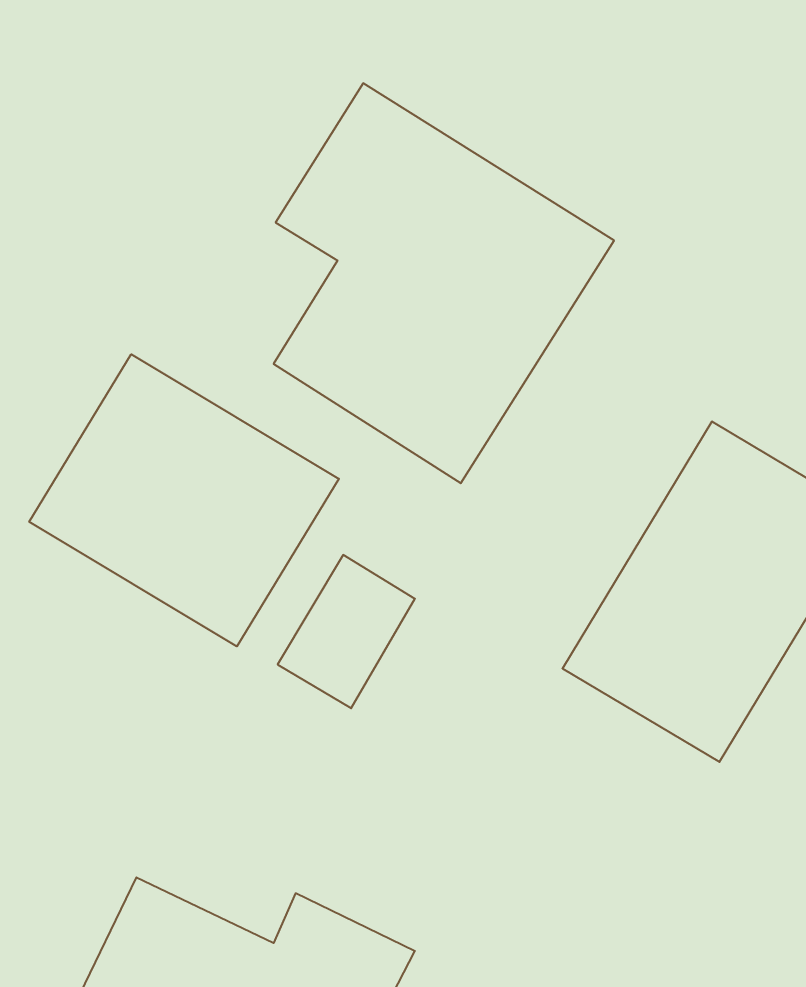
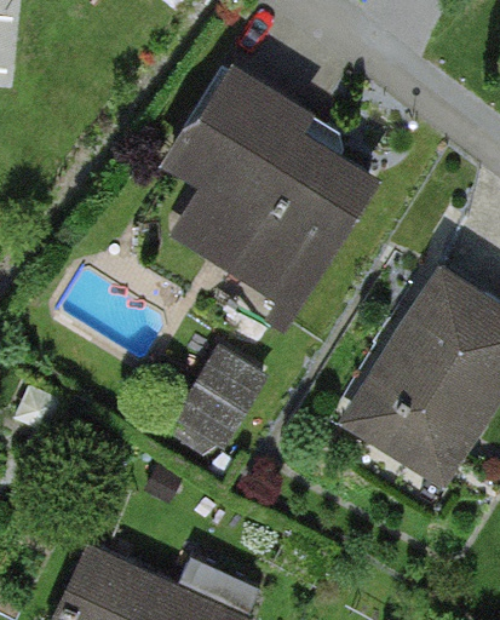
building: [29,354,339,646] -> none

